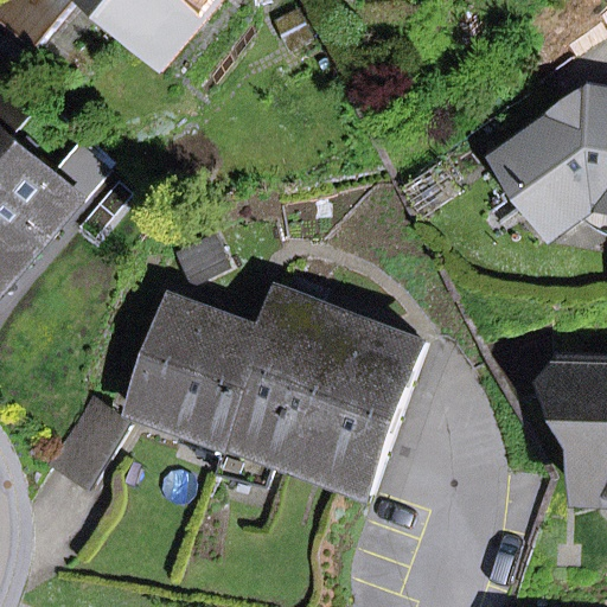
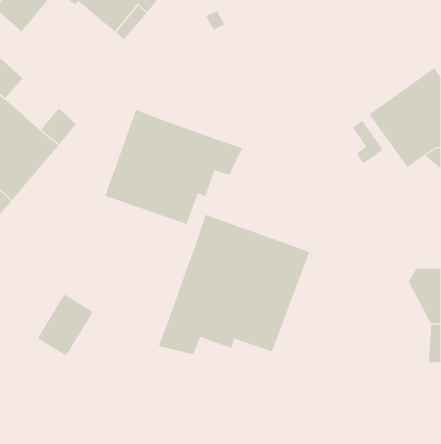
building: none -> [104,109,243,225]
building: [134,298,266,437] -> none

